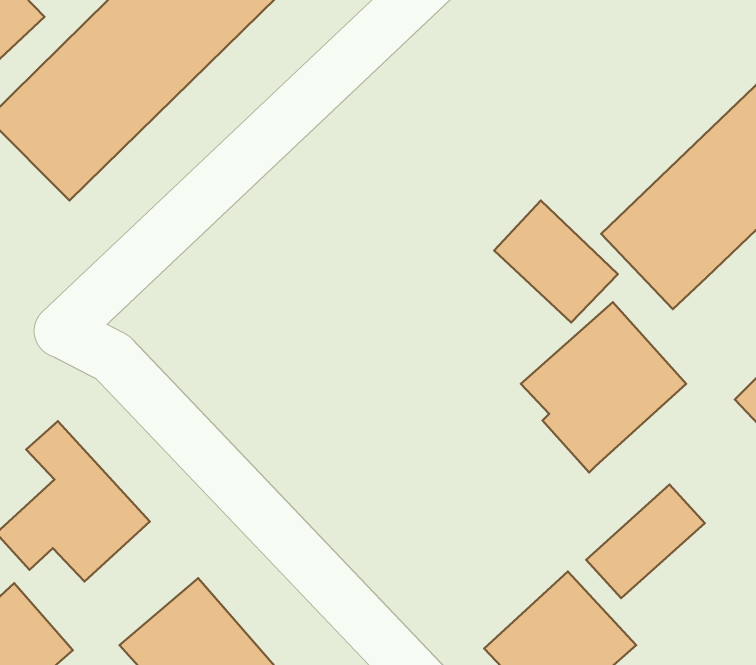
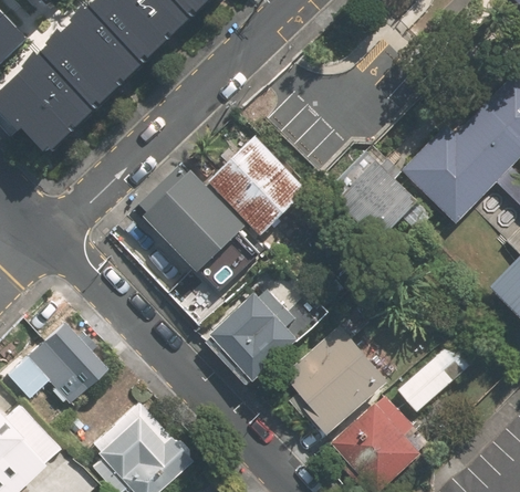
building: none -> [204,139,302,239]
building: none -> [132,169,259,293]
building: [521,302,686,472] -> [274,326,384,439]
building: none -> [202,283,300,386]

